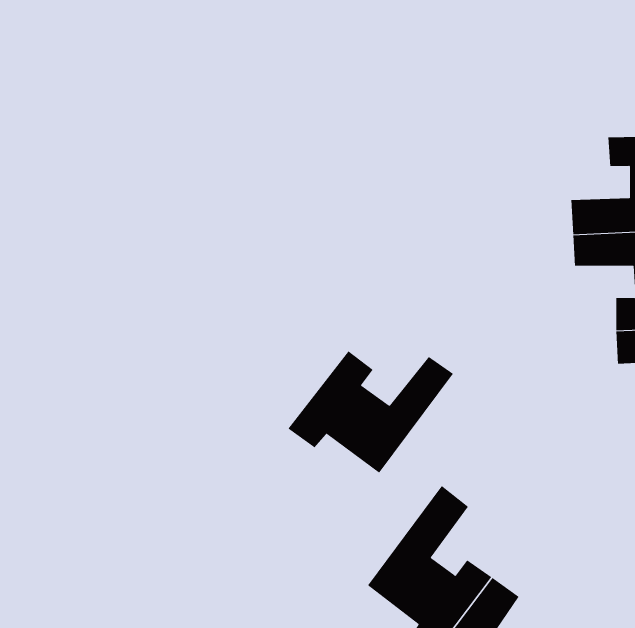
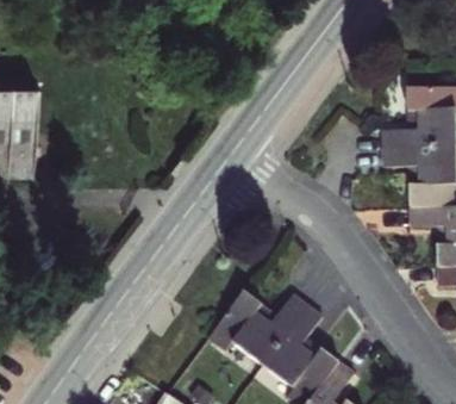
building: [288,350,454,474] -> [206,288,307,363]

